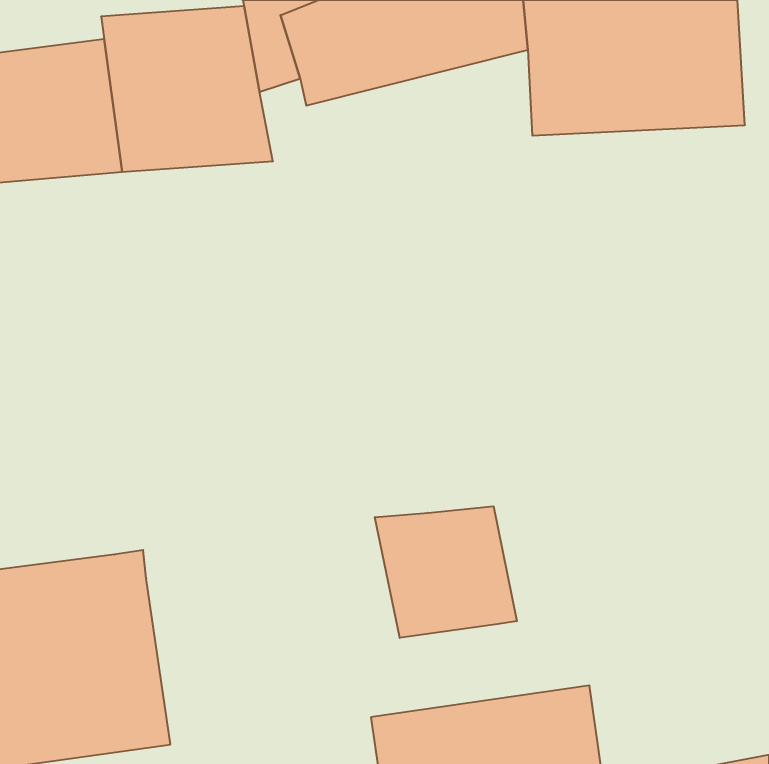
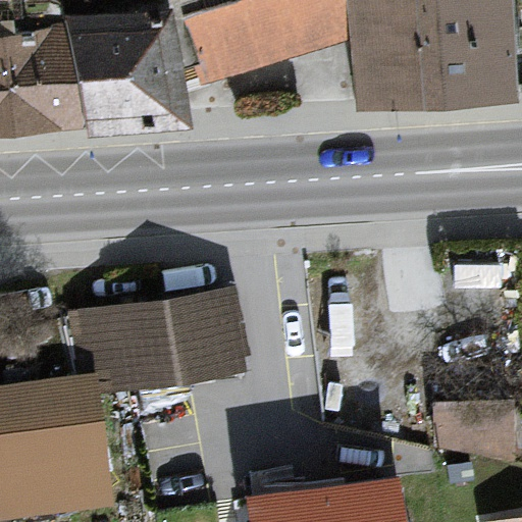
building: none -> [68,290,245,396]
building: [375,506,517,638] -> none

